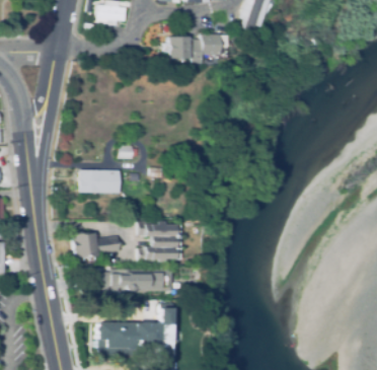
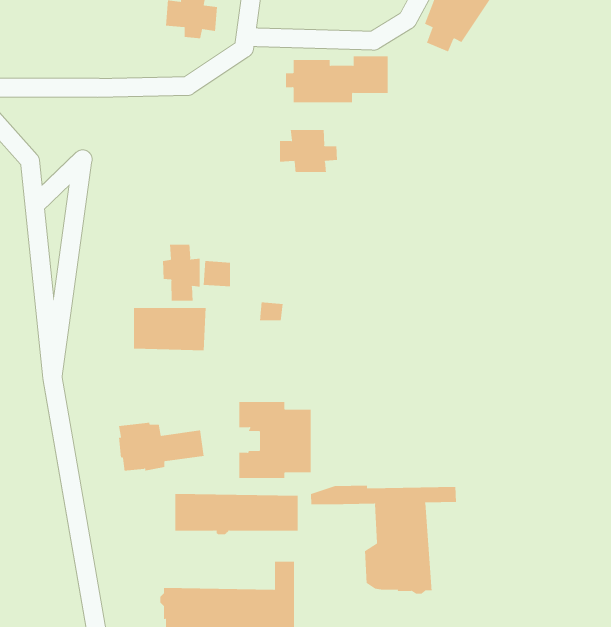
building: none -> [280,129,338,173]
building: none -> [163,244,200,302]
building: none -> [310,485,457,594]

